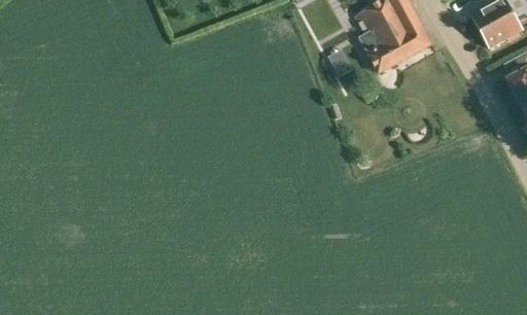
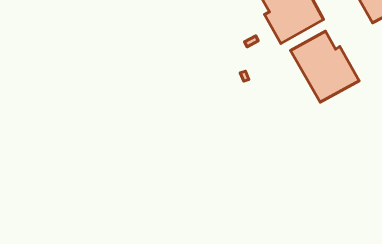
building: none -> [290,31,359,102]

